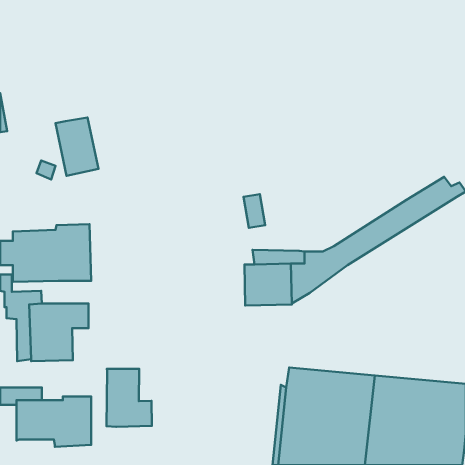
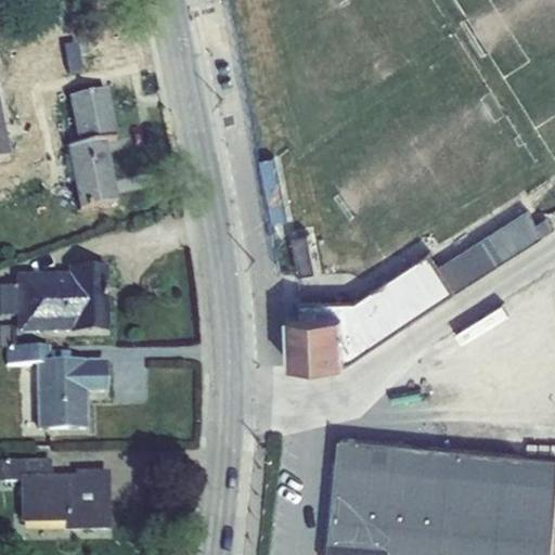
building: none -> [68,89,117,144]
building: [107,369,152,427] -> none

